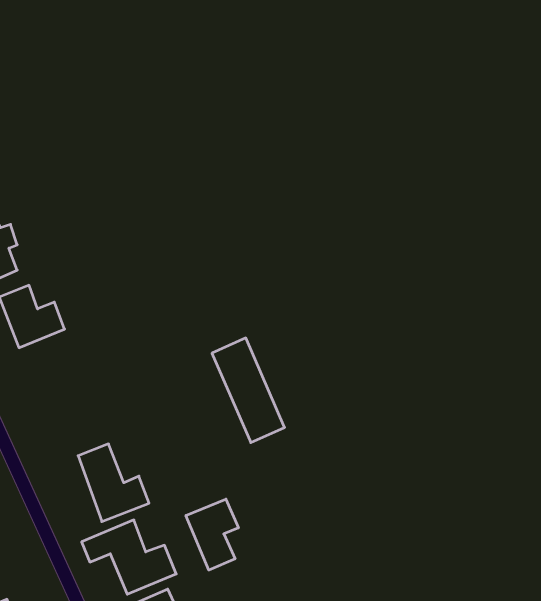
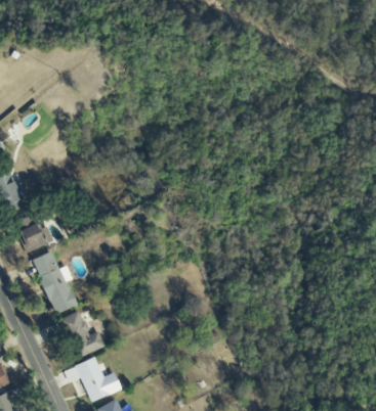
building: [212,338,285,443] -> [32,250,76,314]
building: [186,499,238,570] -> none

